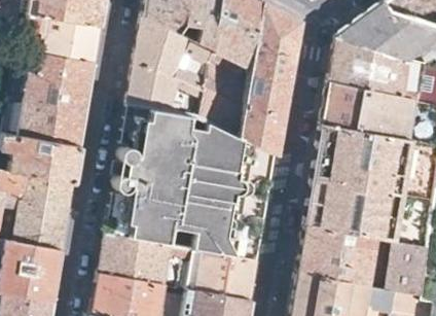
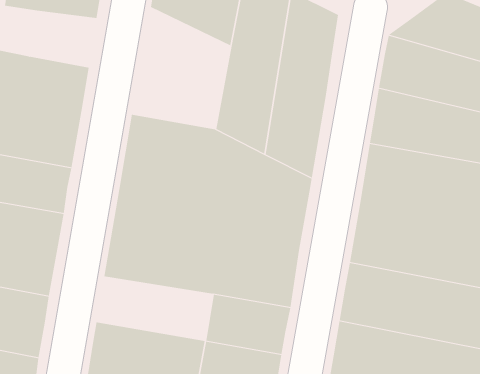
building: [131,13,212,113] -> none
building: [47,16,103,63] -> none
building: [102,234,197,286] -> none

